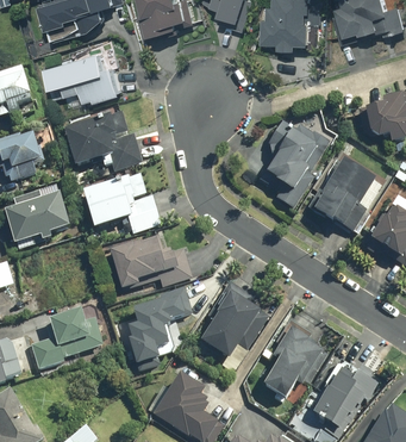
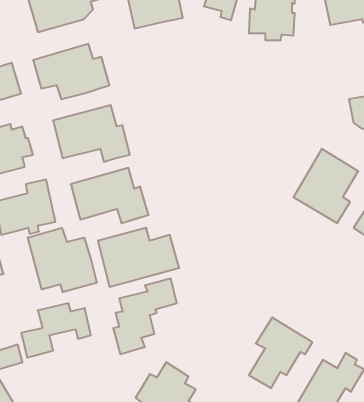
building: [261,119,329,205] -> none
building: none -> [28,228,97,292]
building: [198,279,268,359] -> none

